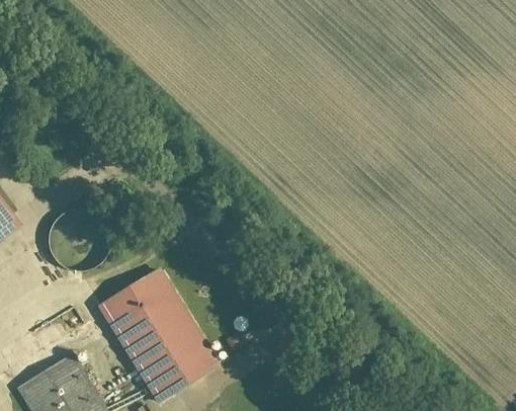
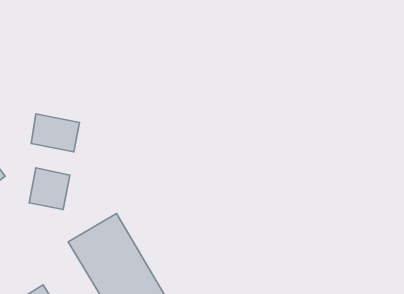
building: none -> [31,114,79,152]

